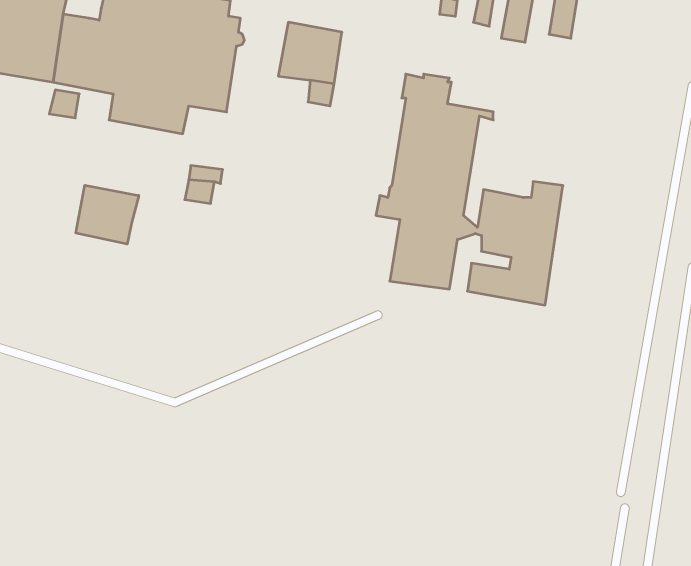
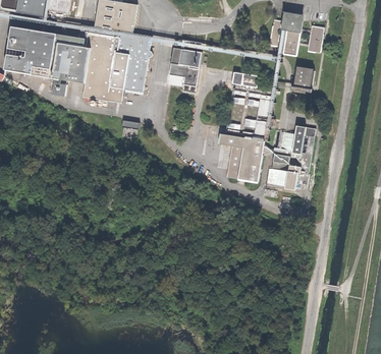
building: none -> [292,65,313,91]
building: [76,185,139,244] -> none

